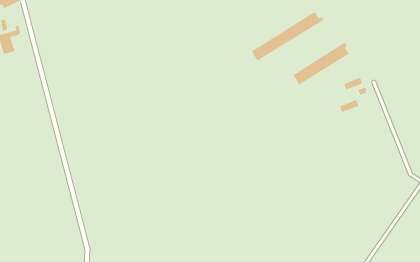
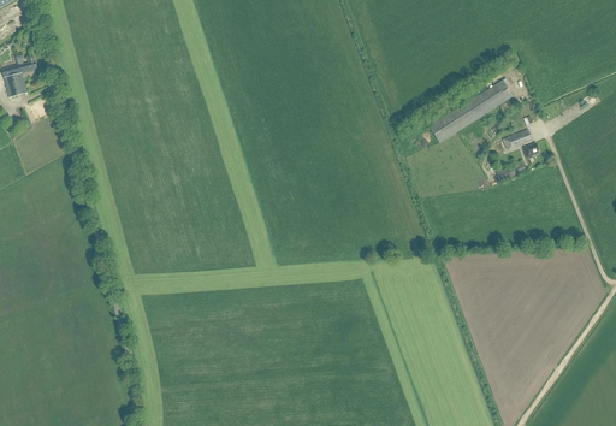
building: [251,11,325,61] -> none

